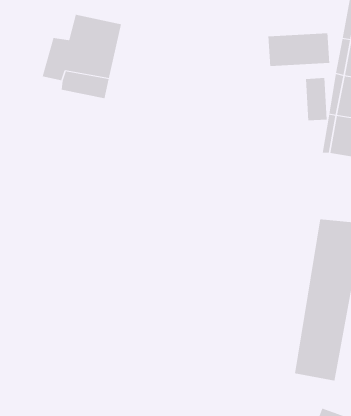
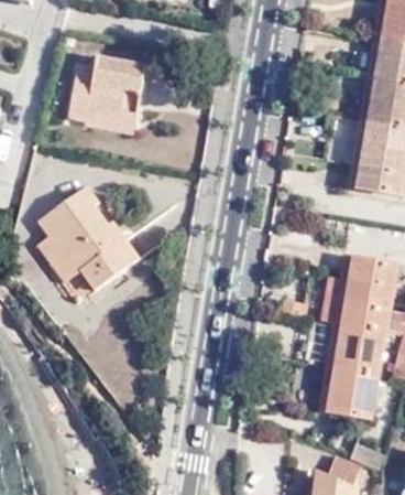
building: [268,33,330,67] -> none
building: none -> [40,183,142,288]

